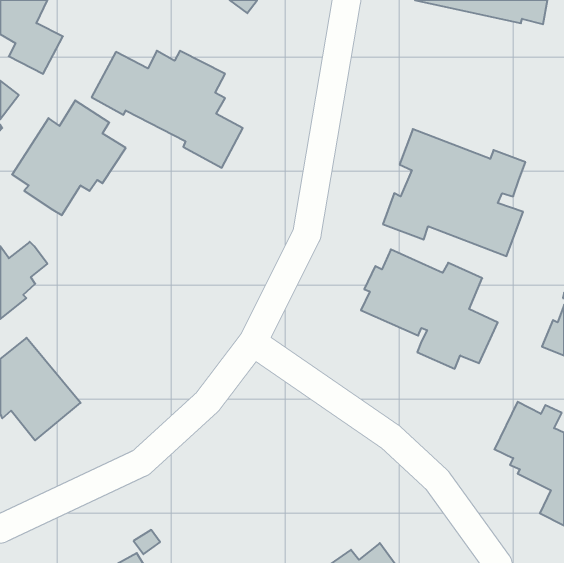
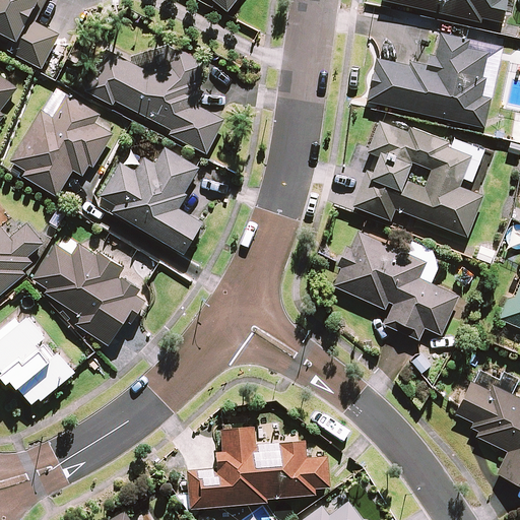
building: none -> [367,36,491,128]
building: none -> [98,134,202,255]
building: none -> [30,242,143,346]
building: none -> [187,427,331,510]

